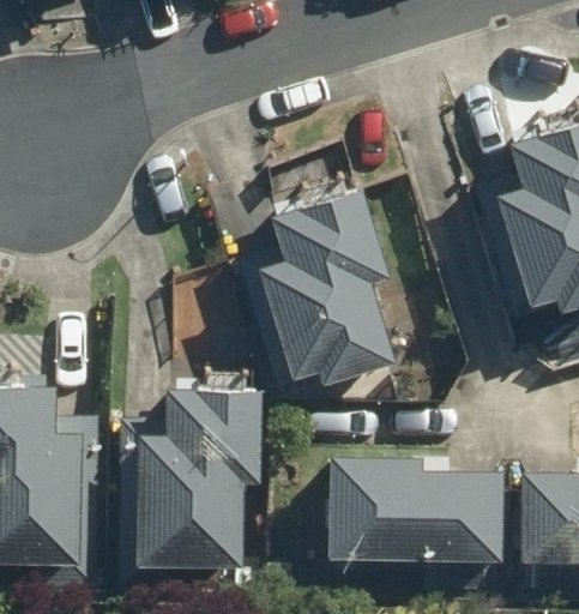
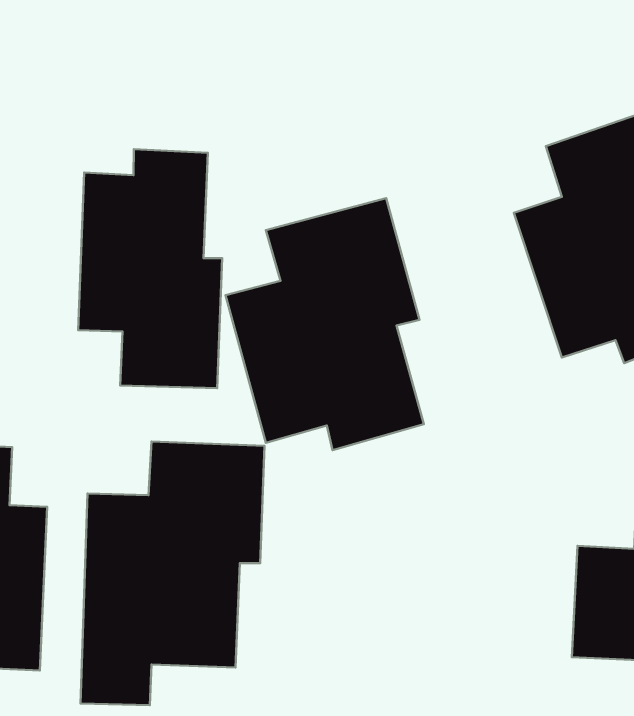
building: none -> [78,149,222,388]
building: [328,450,508,566] -> none

